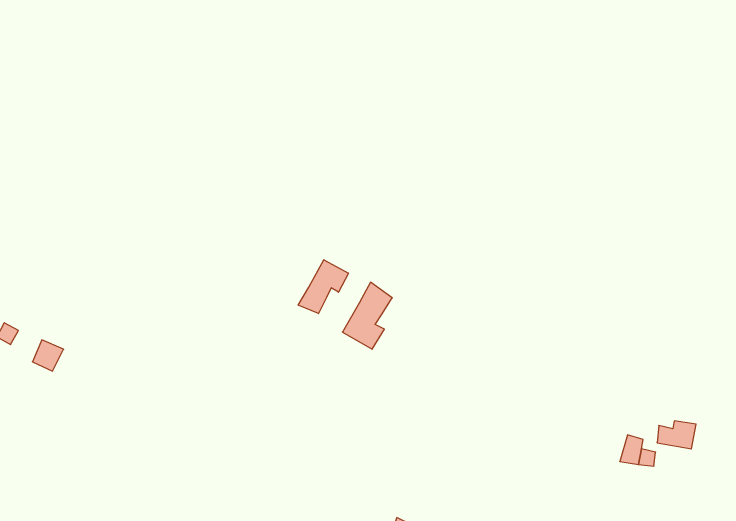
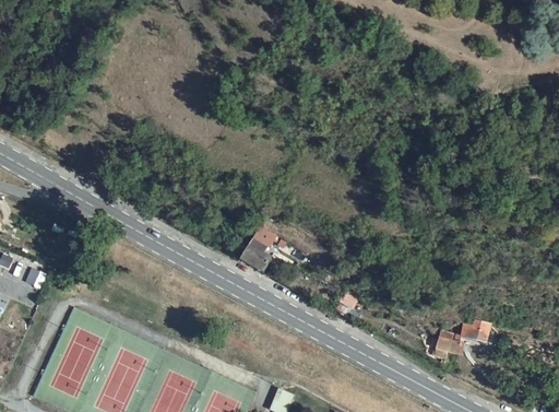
building: [298,260,348,314] -> none

